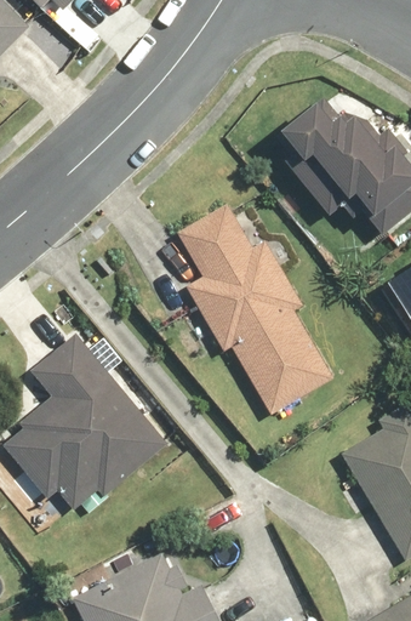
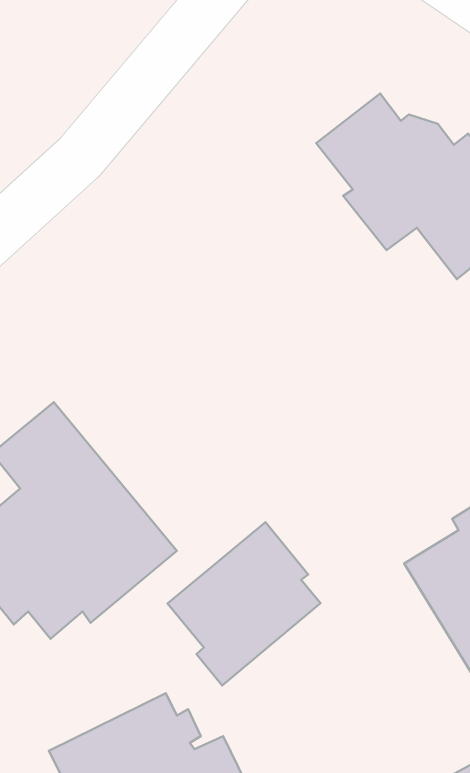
building: [177,201,335,415] -> none
building: none -> [168,522,320,685]

